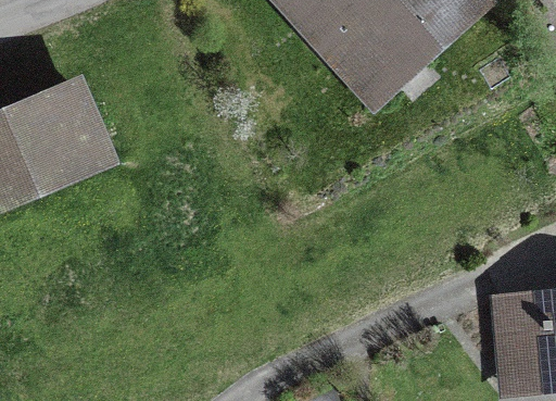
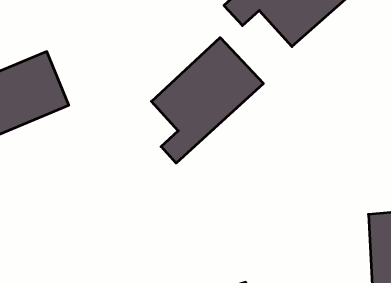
building: none -> [151,38,263,163]

